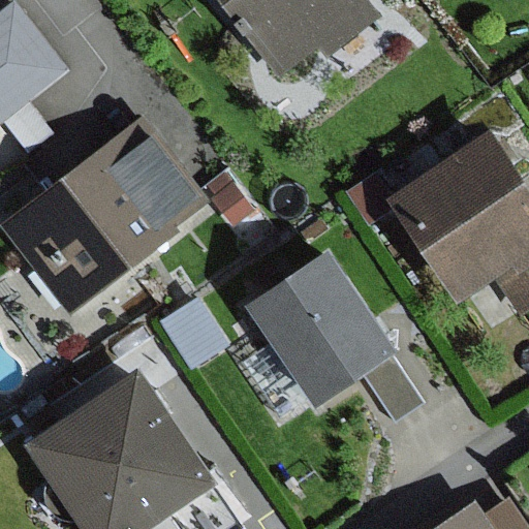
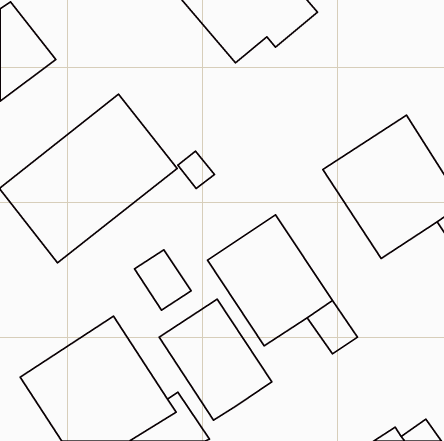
building: none -> [159,299,272,420]

